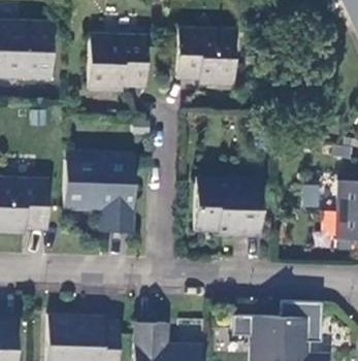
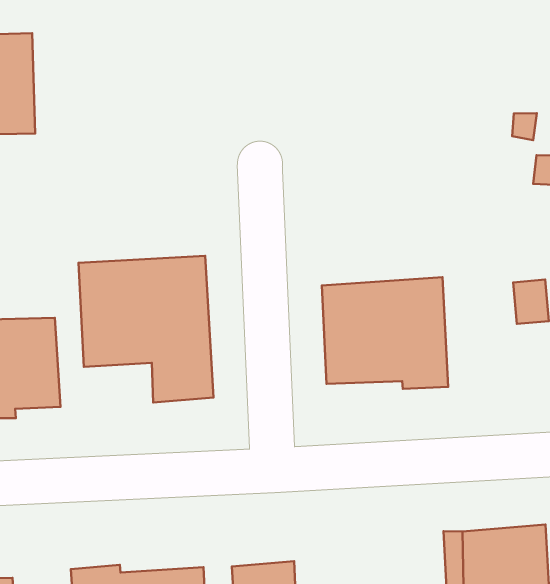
building: [177,29,235,85] -> none
building: [88,34,149,89] -> none

